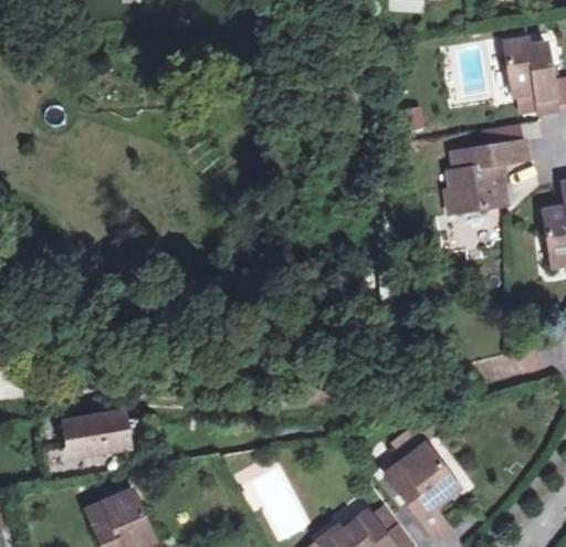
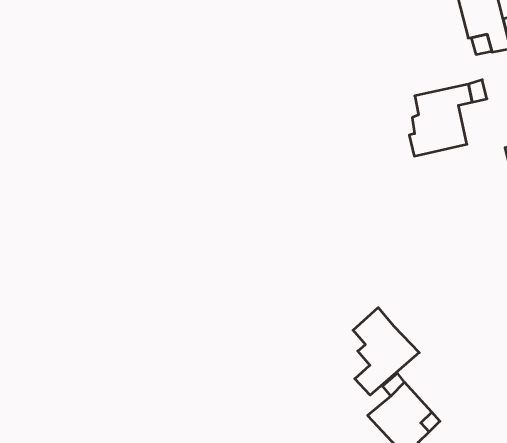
building: none -> [353,308,419,395]
building: [64,412,127,454] -> none

